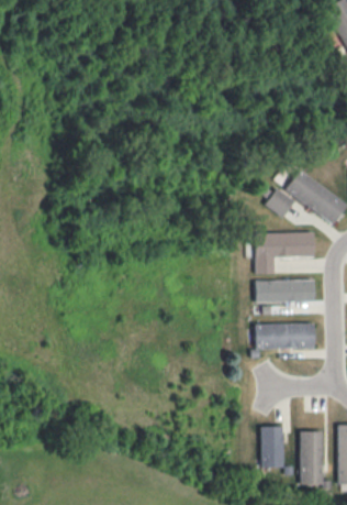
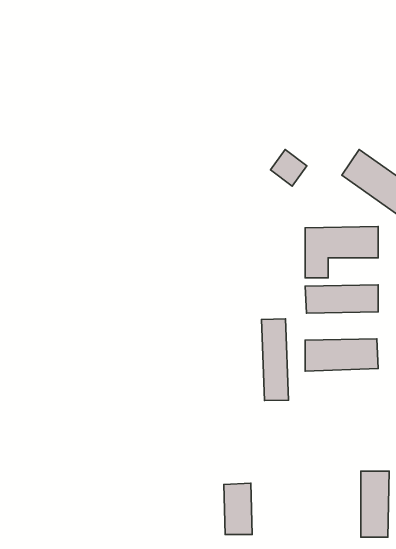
building: [265,188,294,218] -> [270,150,307,186]
building: none -> [262,319,288,401]
building: [260,426,283,468] -> [224,483,252,534]

